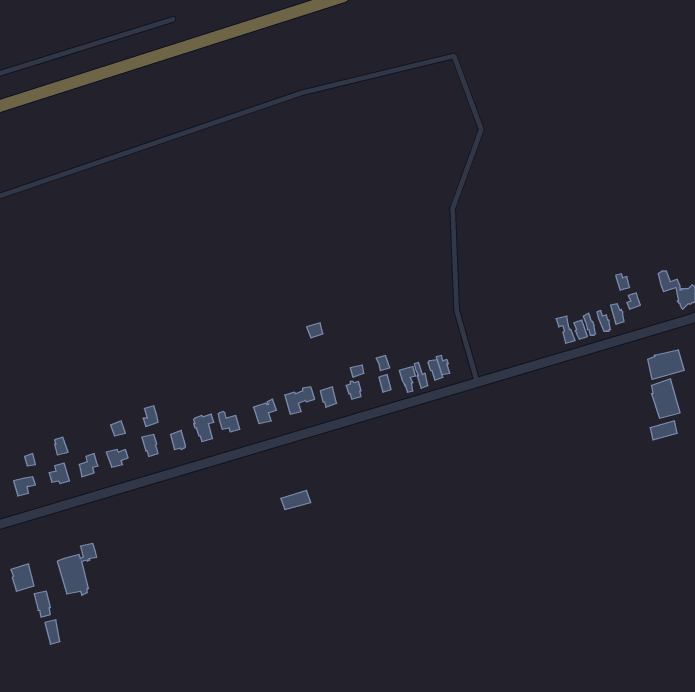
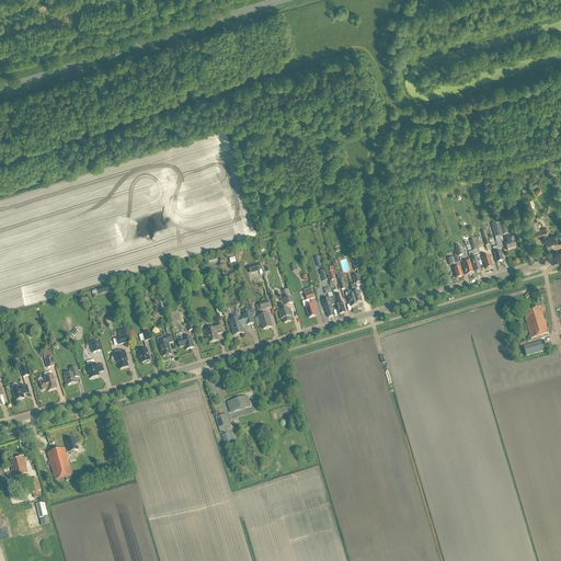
building: [648,350,684,379] -> none

